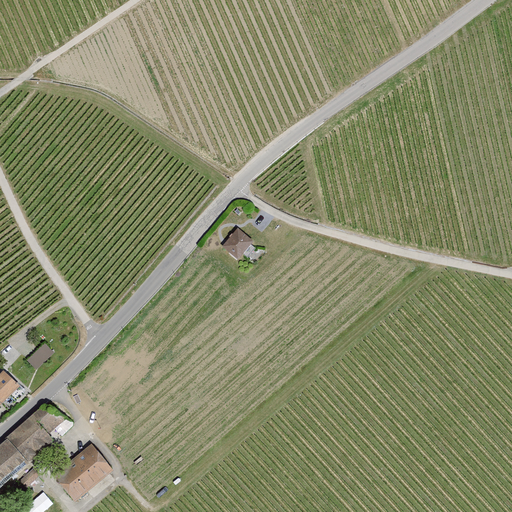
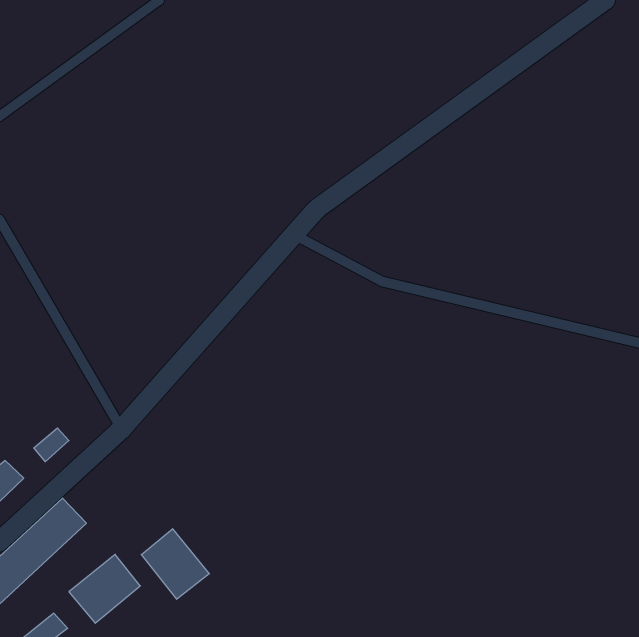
building: [219,229,251,262] -> none
building: none -> [141,529,209,599]

